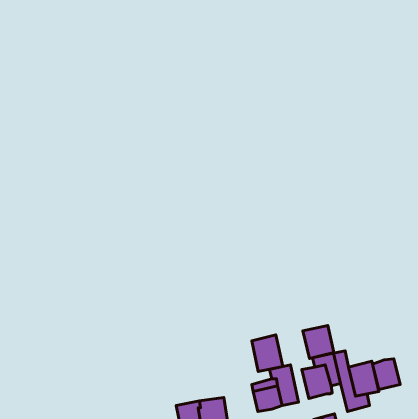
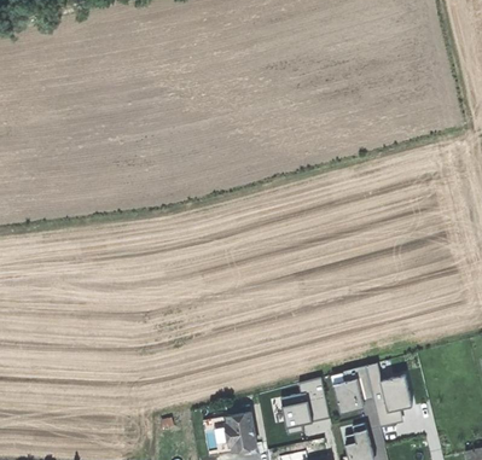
building: [303,325,334,359] -> none
building: [252,335,283,371] -> none
building: [373,359,400,390] -> none

